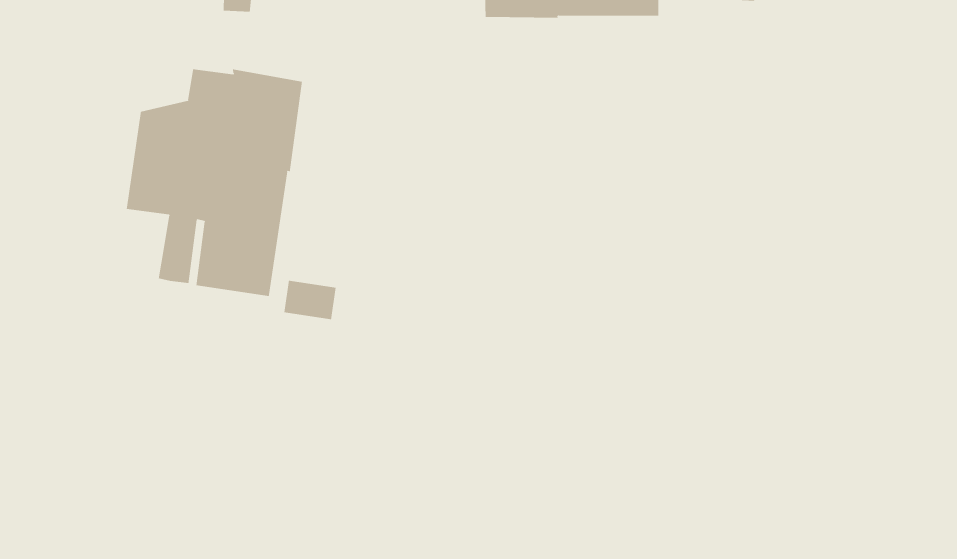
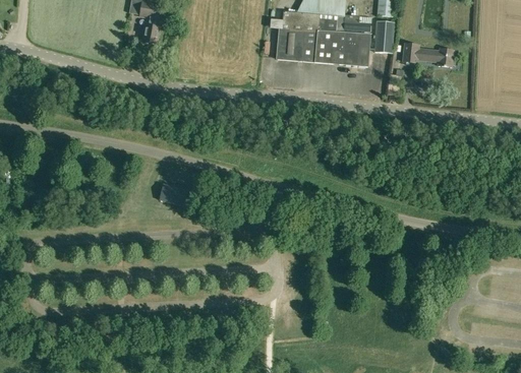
building: [126,68,303,297] -> none

